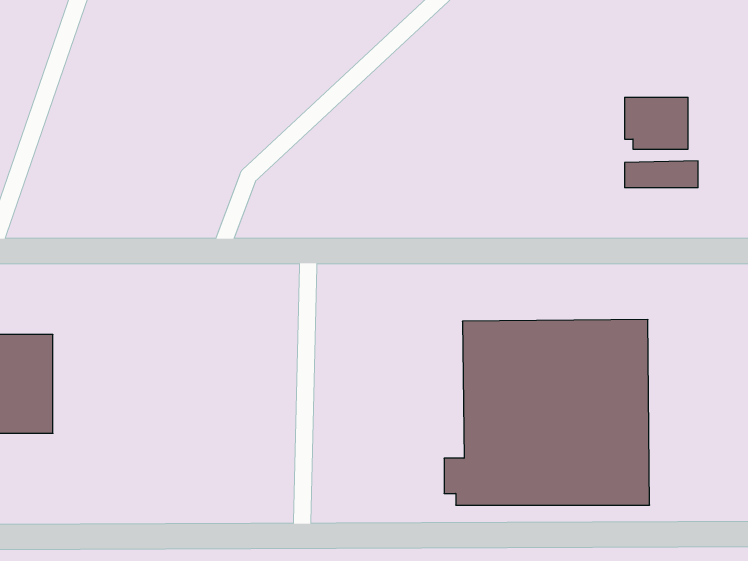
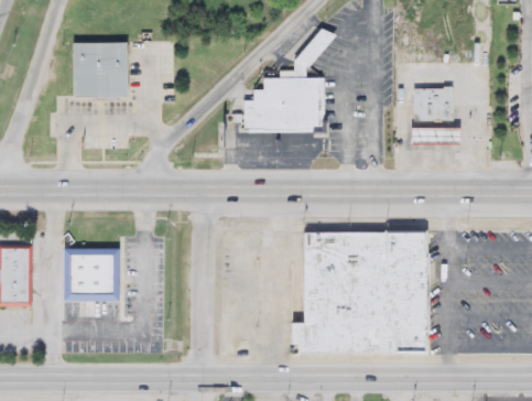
building: none -> [237,29,326,133]
building: none -> [75,40,131,96]
building: none -> [64,246,121,301]

